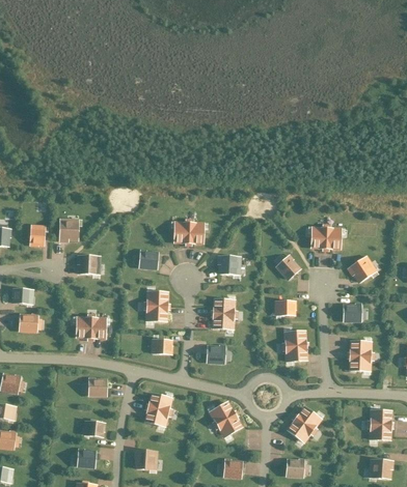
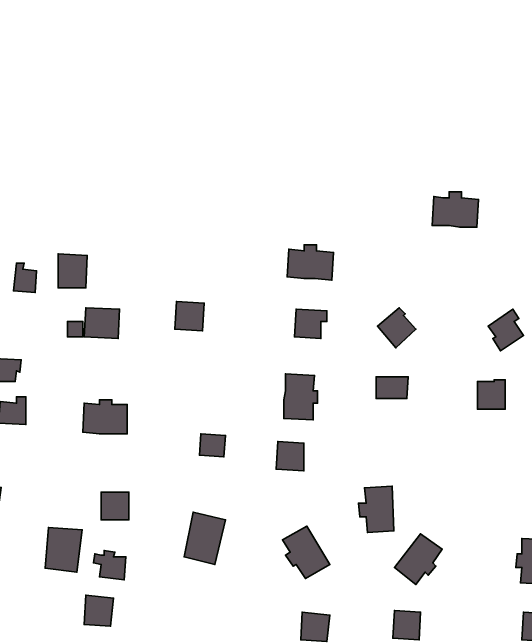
building: [173,221,205,245] -> [287,245,333,280]
building: [310,226,342,250] -> [432,192,478,227]
building: [145,290,168,321] -> none
building: [283,331,307,362] -> [358,486,394,532]
building: [349,340,374,371] -> none
building: none -> [45,528,82,572]
building: [134,449,155,469] -> none

